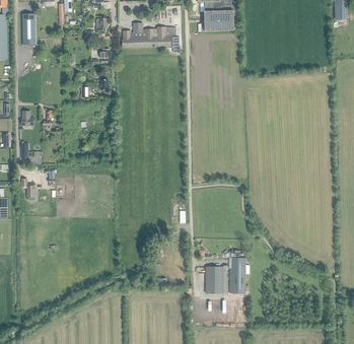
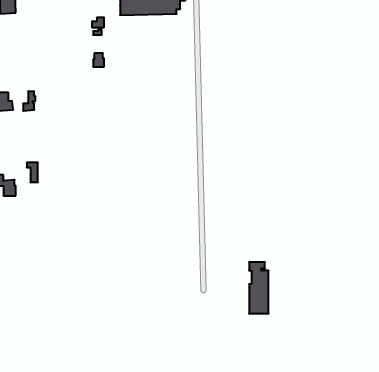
building: [205,266,223,292] -> none

